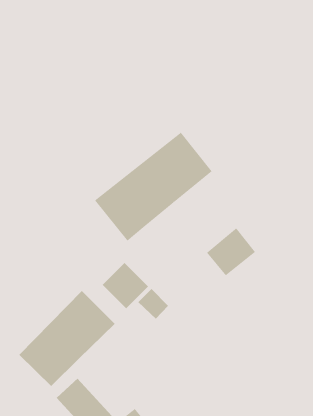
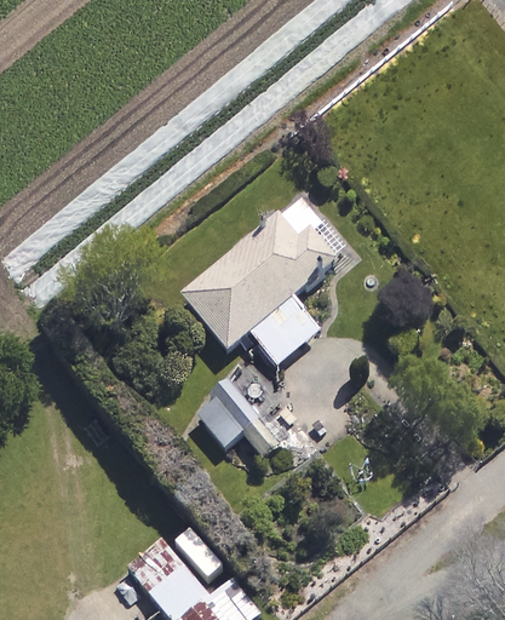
building: [206,228,256,276] -> [249,297,319,364]
building: [19,290,116,387] -> none

